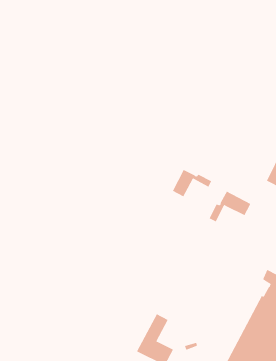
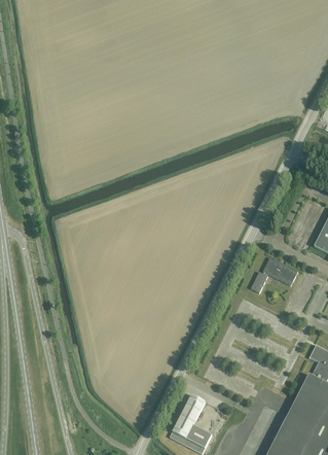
building: [172,169,212,197] -> none

